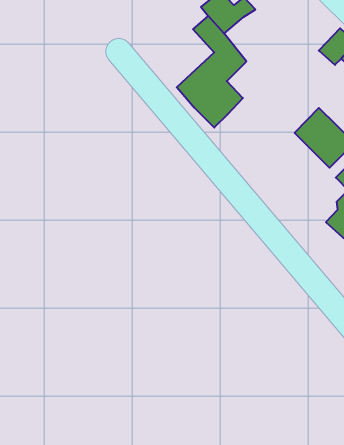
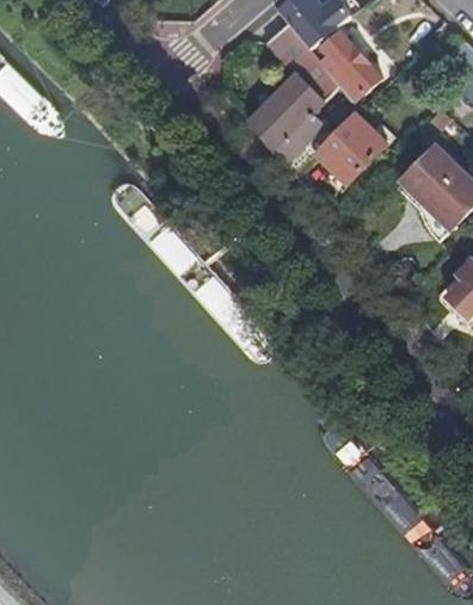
building: none -> [309,25,381,101]
building: none -> [314,112,386,186]

